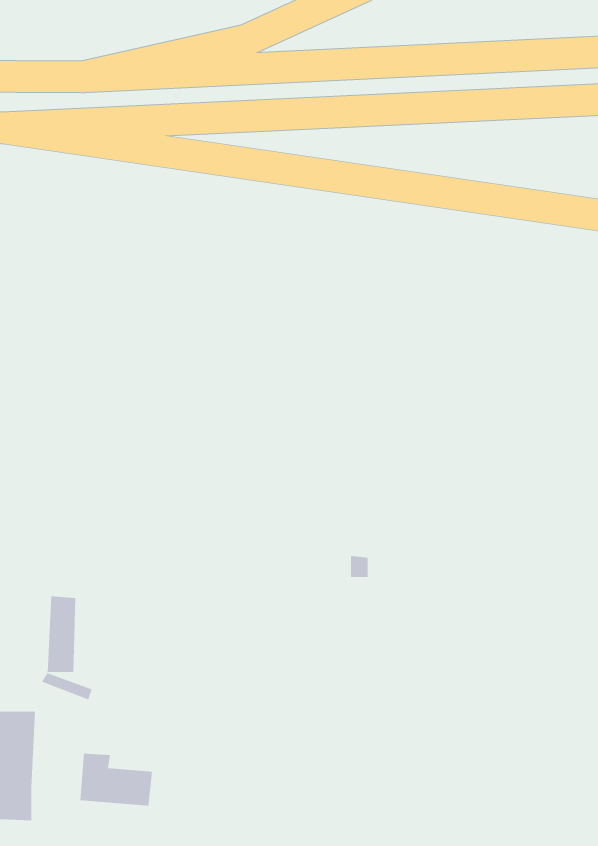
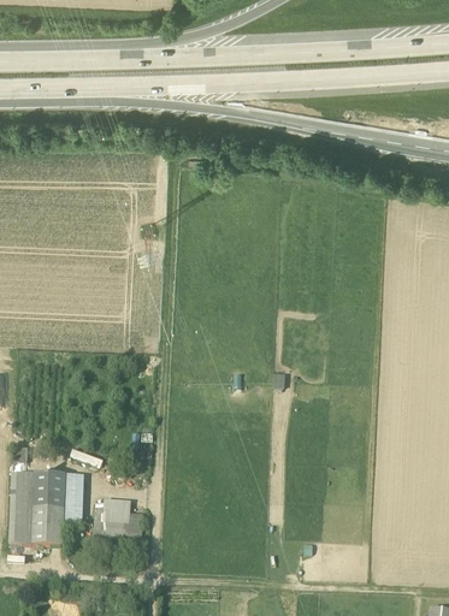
building: [47,596,76,673] -> [64,472,83,522]

